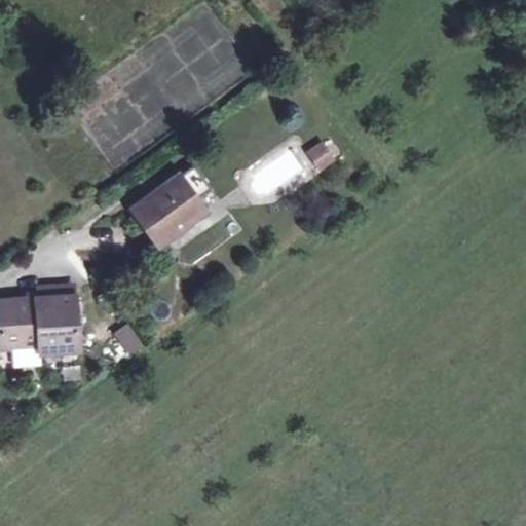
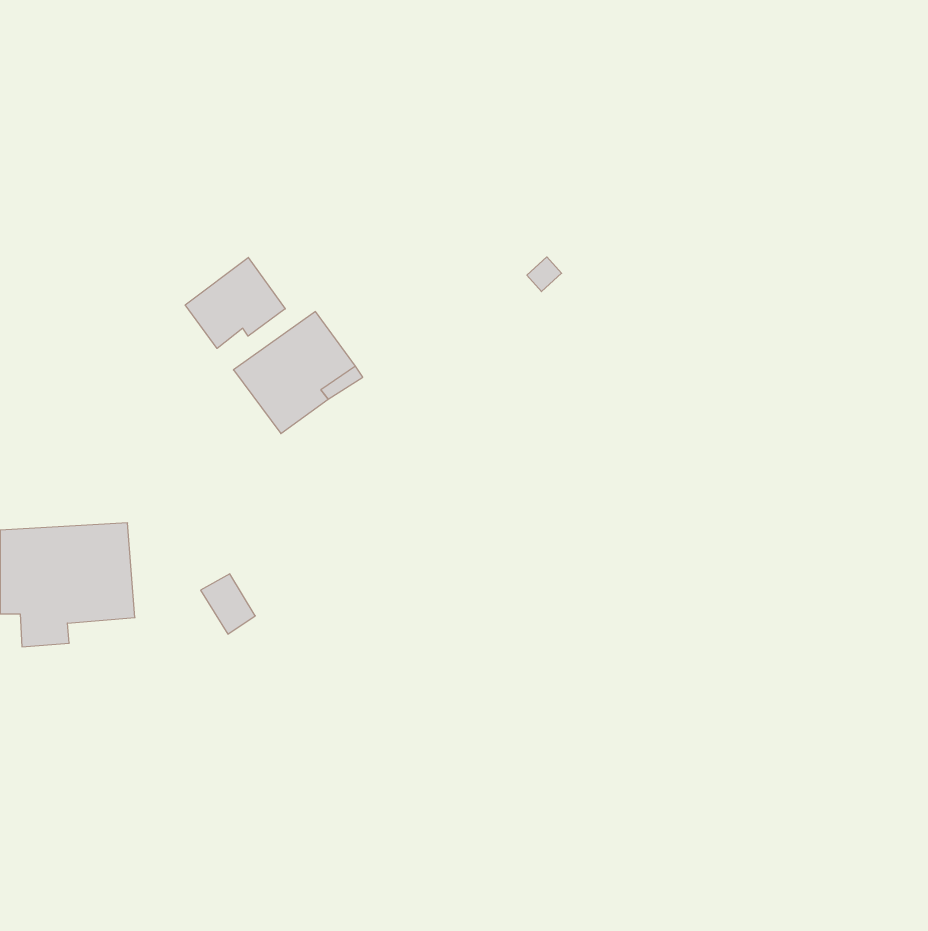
building: none -> [185,257,285,348]

